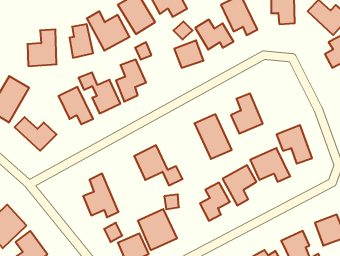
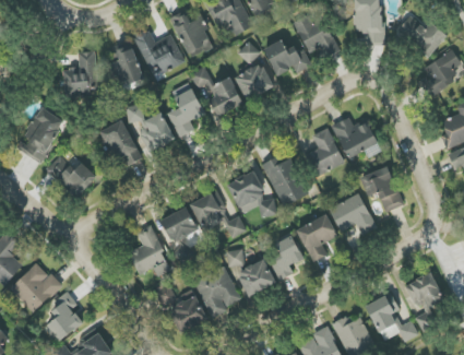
building: none -> [210,76,242,114]
building: none -> [333,118,378,157]
building: none -> [227,170,278,218]
building: none -> [159,206,199,264]
building: none -> [237,260,275,296]

